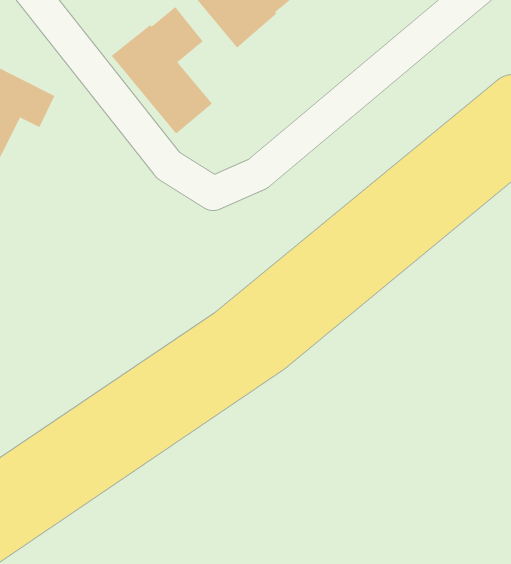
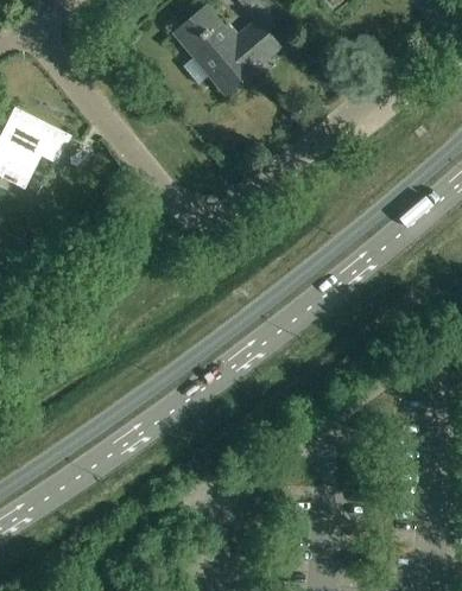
building: [111,6,213,134] -> none

